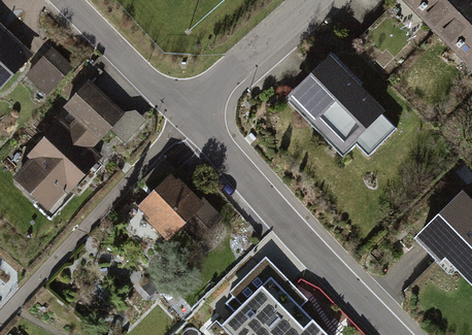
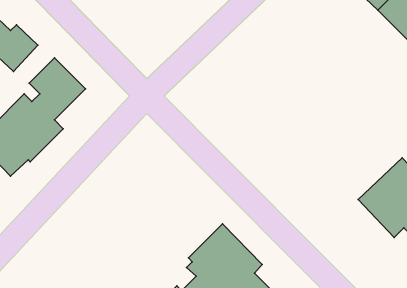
building: [282,51,389,157] -> none
building: [132,171,217,247] -> none

